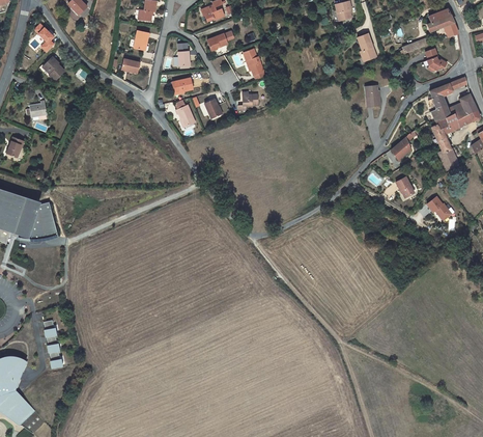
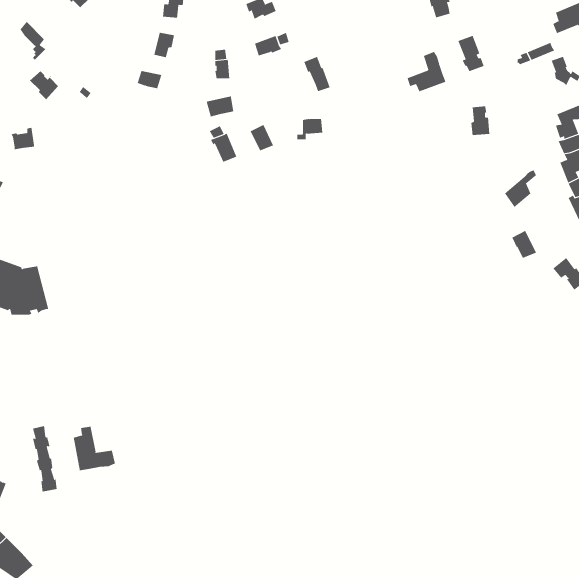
building: none -> [407,51,446,92]
building: none -> [73,426,115,471]

